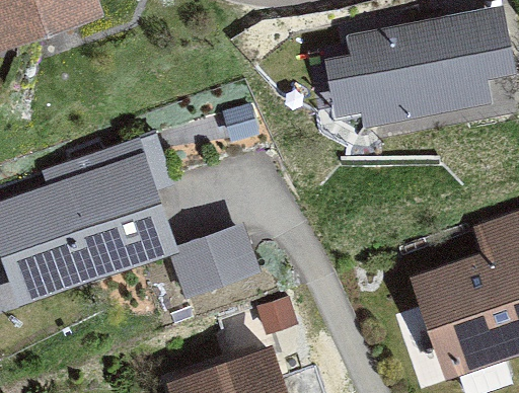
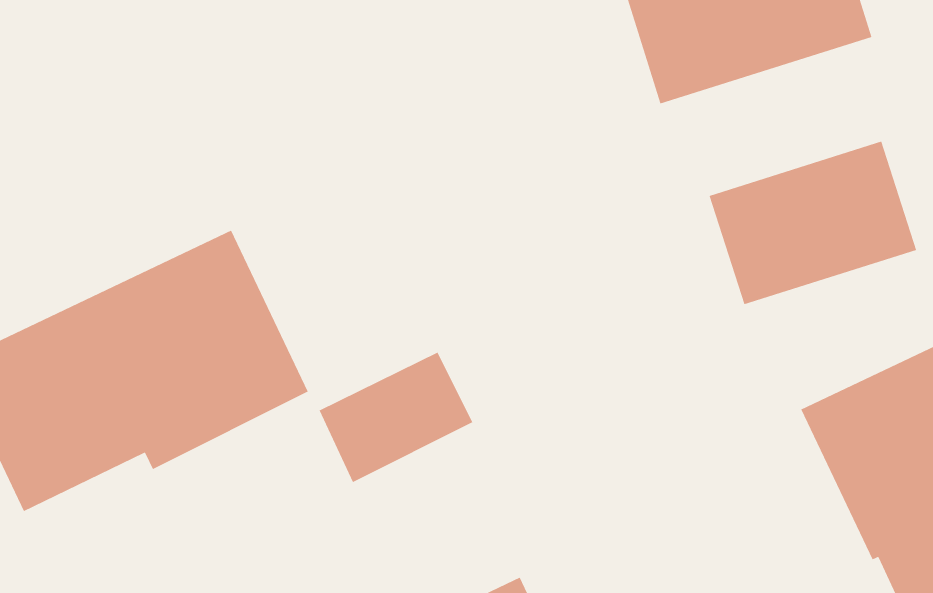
building: none -> [708,141,917,305]

